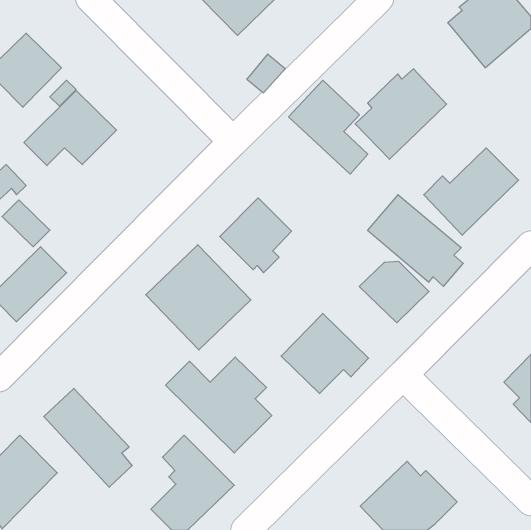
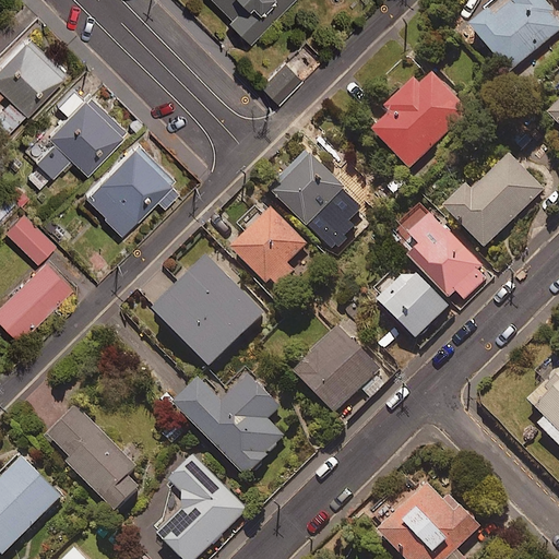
building: [289,80,368,174] -> [270,151,353,249]
building: none -> [82,139,177,229]

